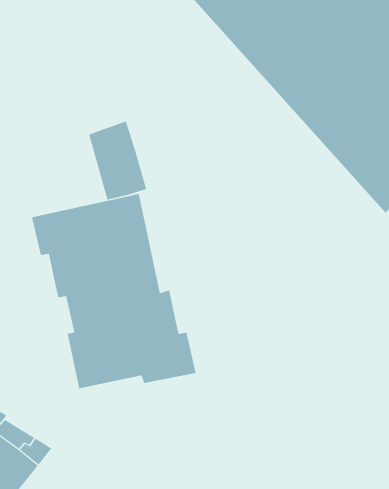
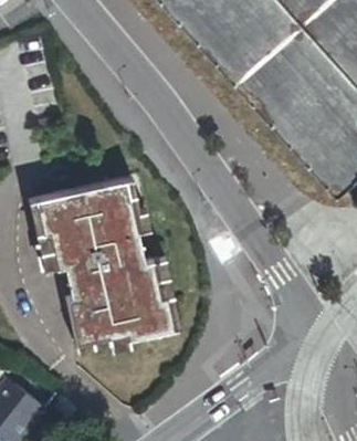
building: [88,120,147,201] -> none

